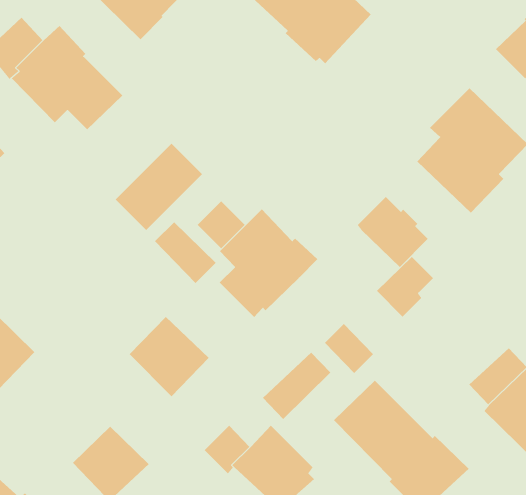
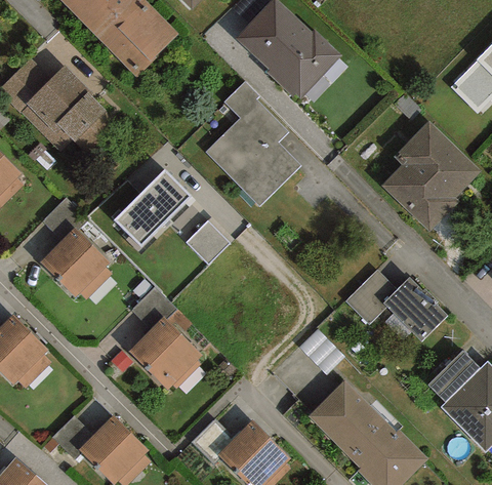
building: none -> [206,82,300,204]
building: [357,196,429,268] -> [383,276,447,339]
building: [219,209,318,318] -> none
building: none -> [37,233,105,300]
building: [154,221,217,284] -> none
building: [262,352,331,420] -> none

